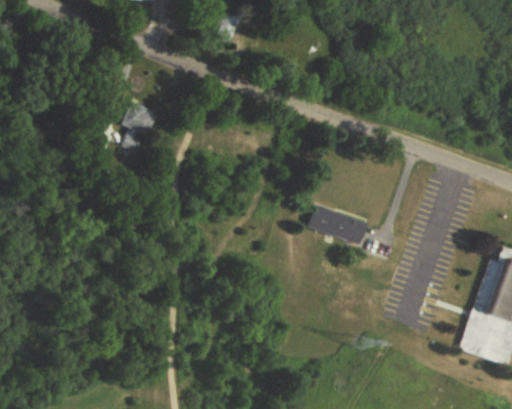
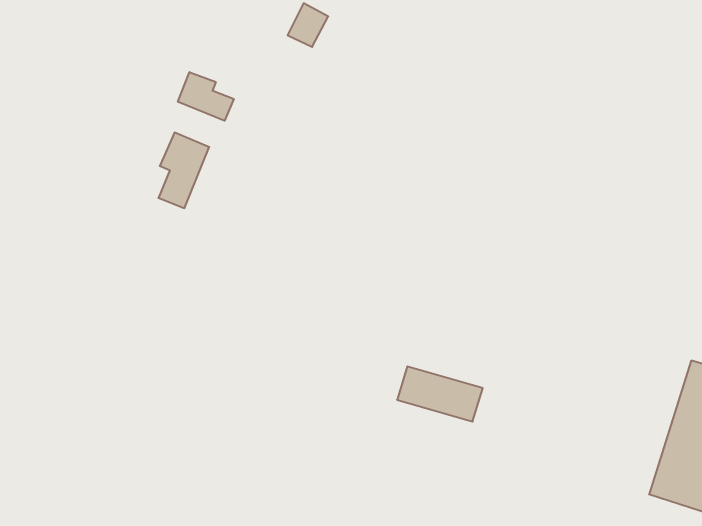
building: none -> [178,72,234,121]
building: [309,205,368,243] -> [397,366,483,422]

